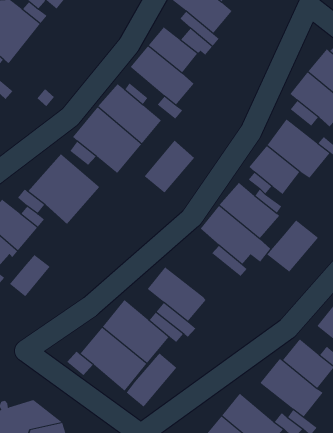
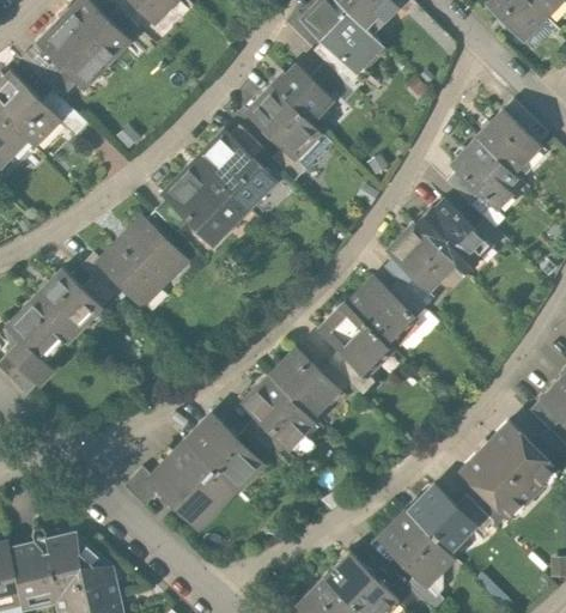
building: [144,140,195,193] -> none
building: [266,220,319,273] -> none
building: none -> [266,345,341,419]
building: [9,254,50,297] -> none
building: [126,352,177,408] -> none

